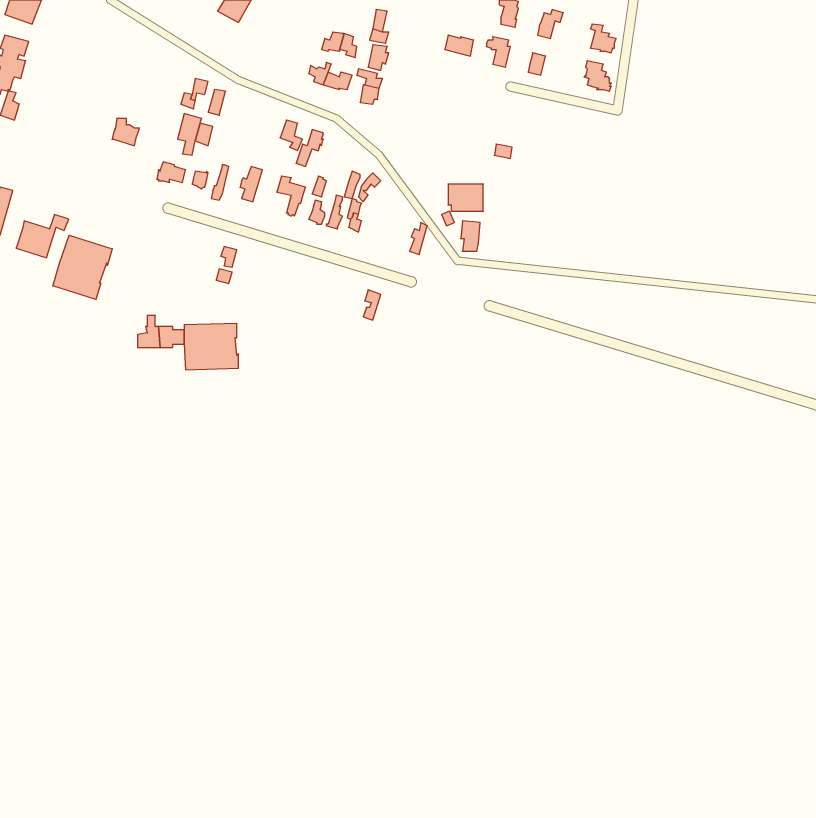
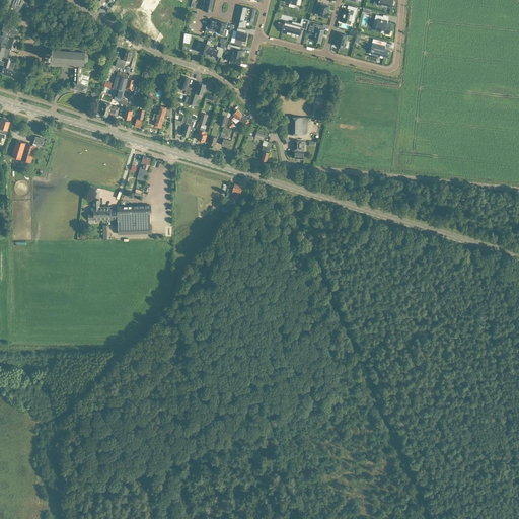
building: none -> [44,46,87,67]
building: [53,235,112,300] -> none

